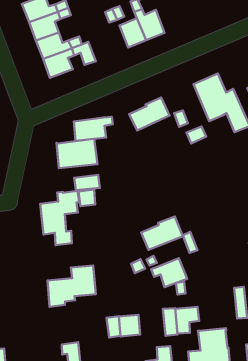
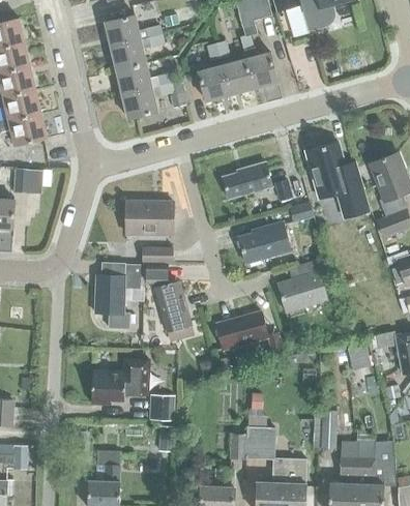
building: none -> [198,65,230,101]
building: [74,117,113,141] -> none
building: none -> [237,222,290,263]
building: none -> [277,261,326,312]
building: none -> [154,282,189,332]
building: [151,258,187,287] -> none
building: [119,315,140,336] -> [149,394,175,420]

